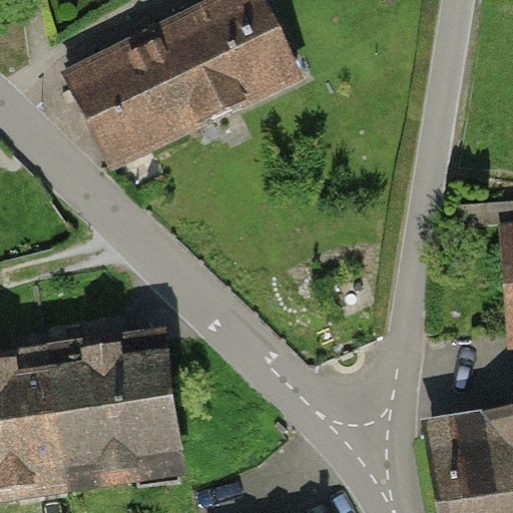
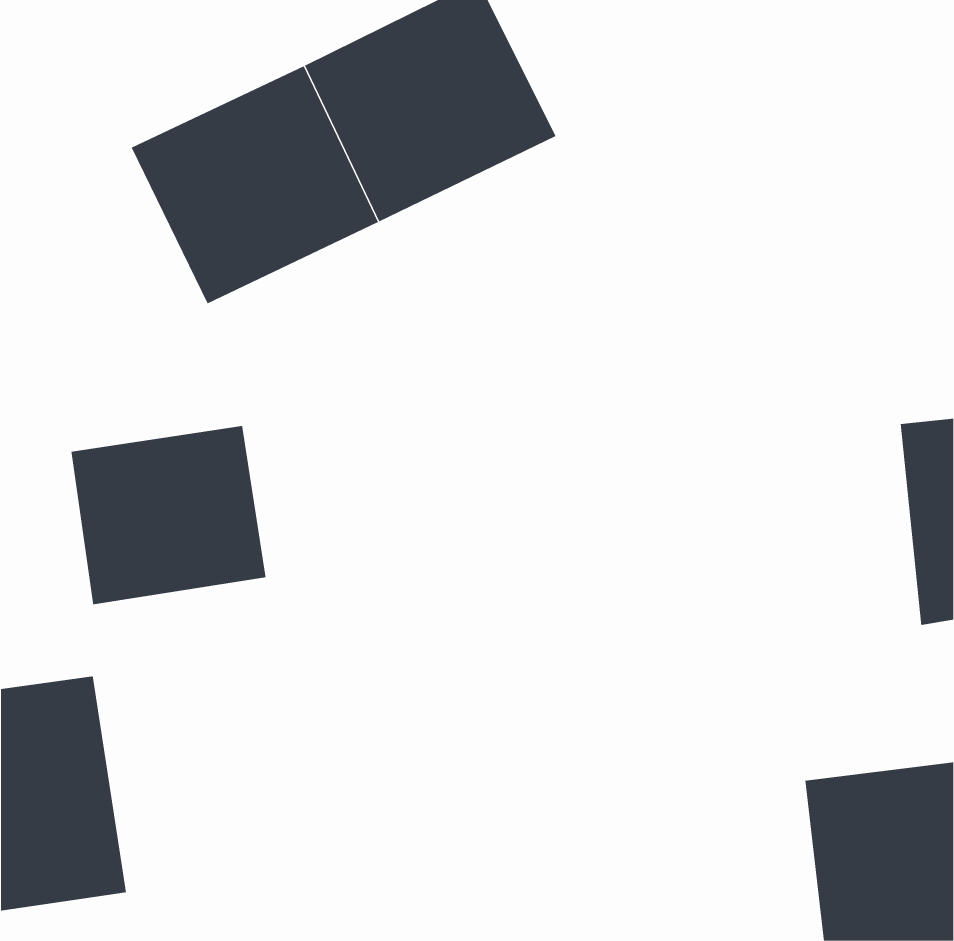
building: none -> [71,425,266,605]
building: [50,346,177,479] -> none

